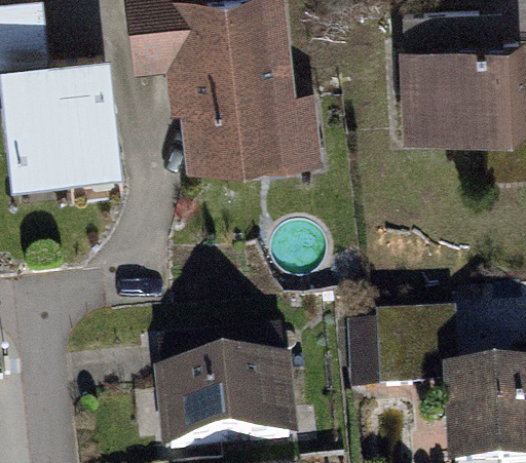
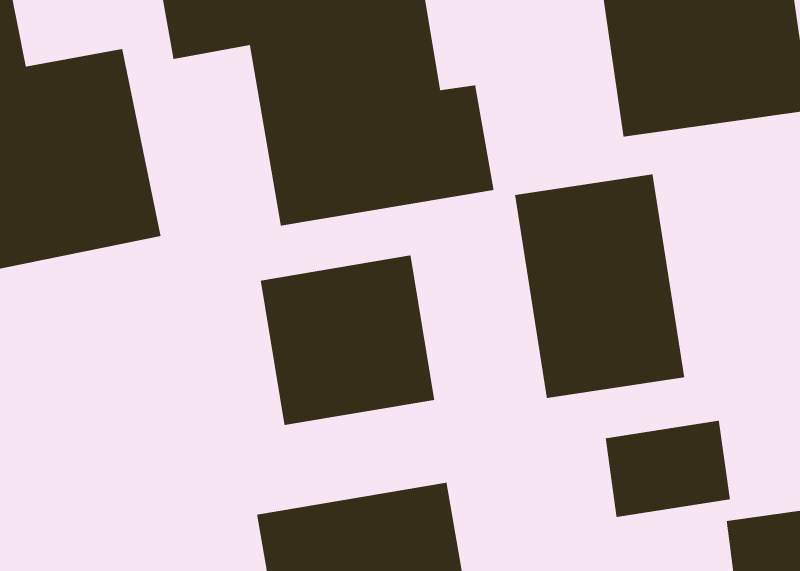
building: none -> [514,173,685,399]
building: none -> [260,255,435,426]

